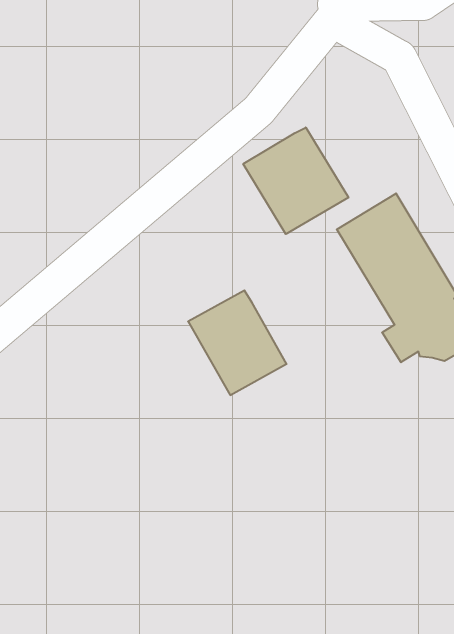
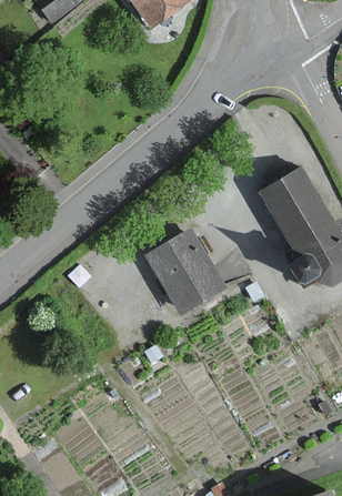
building: [243,127,348,234] -> none

